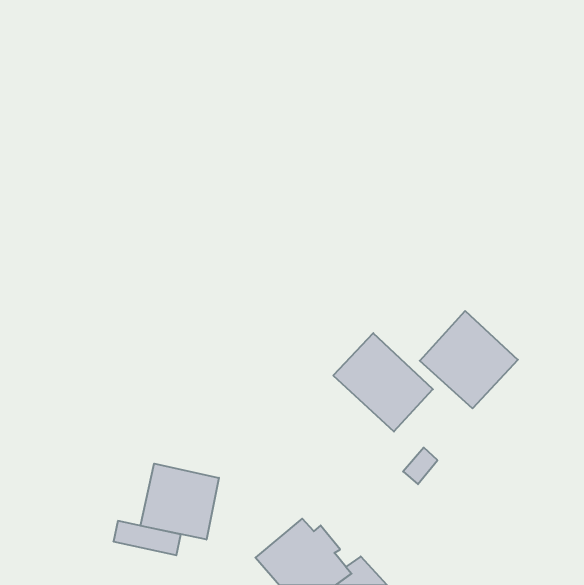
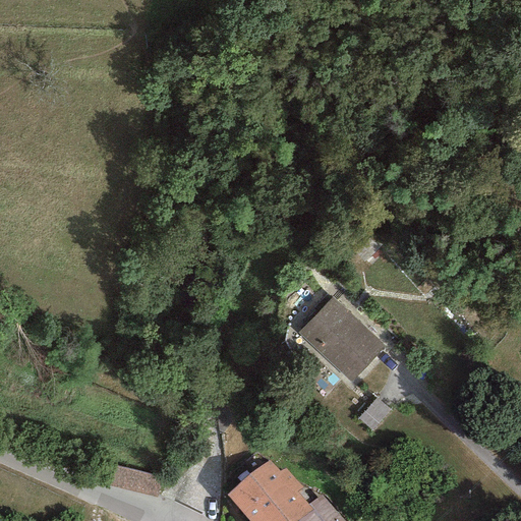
building: [420,311,518,408] -> none
building: [141,464,219,540] -> none

